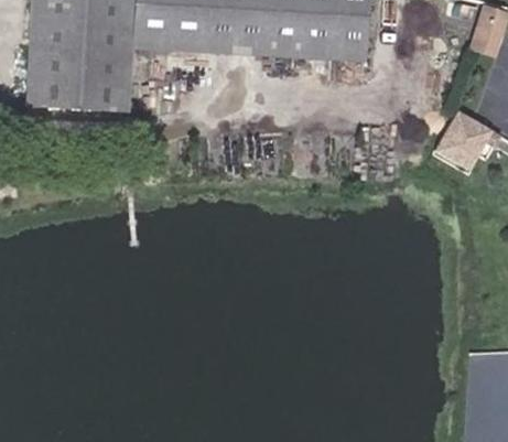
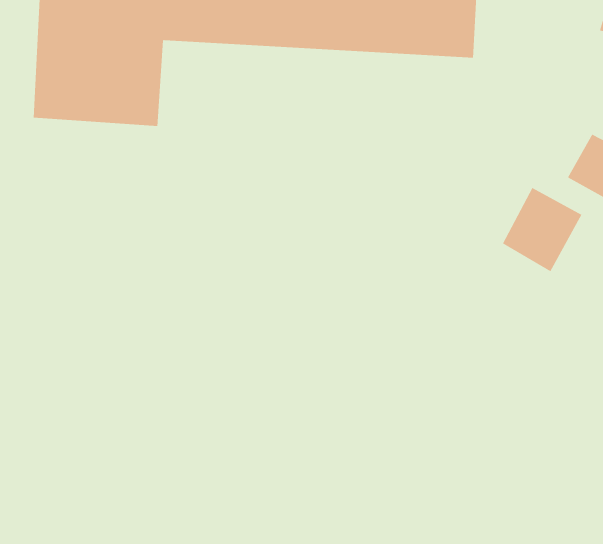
building: none -> [502,187,582,272]

